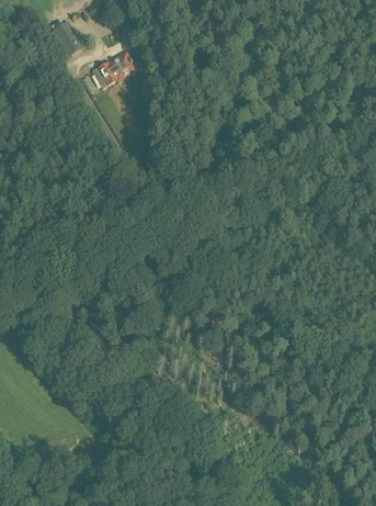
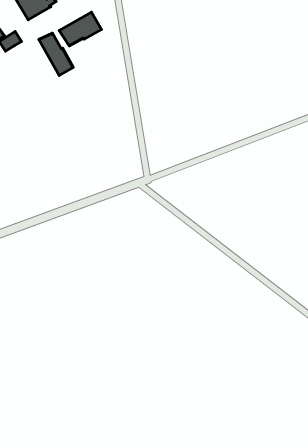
building: none -> [39,33,73,75]

